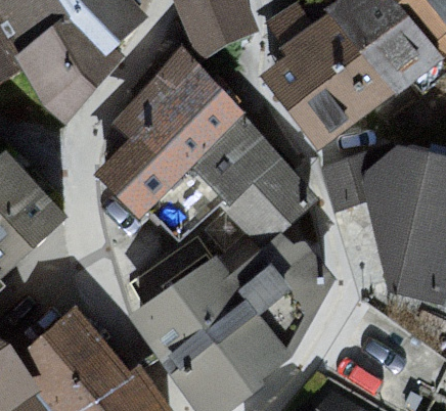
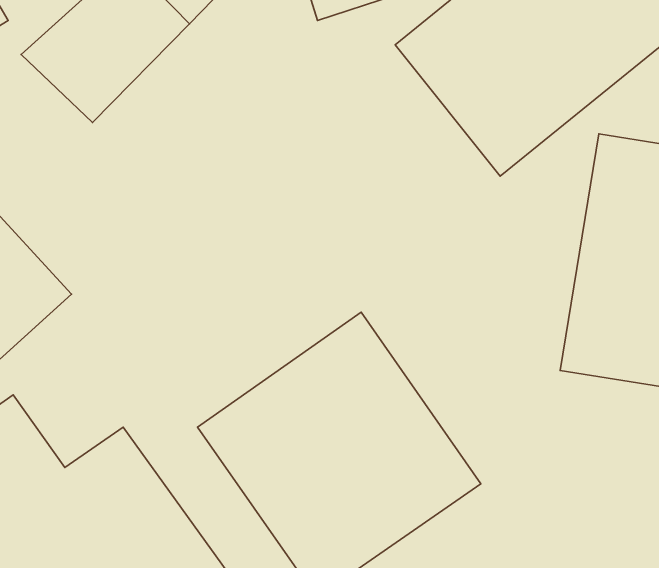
building: [107,62,242,204] -> none
building: [193,129,315,250] -> none

